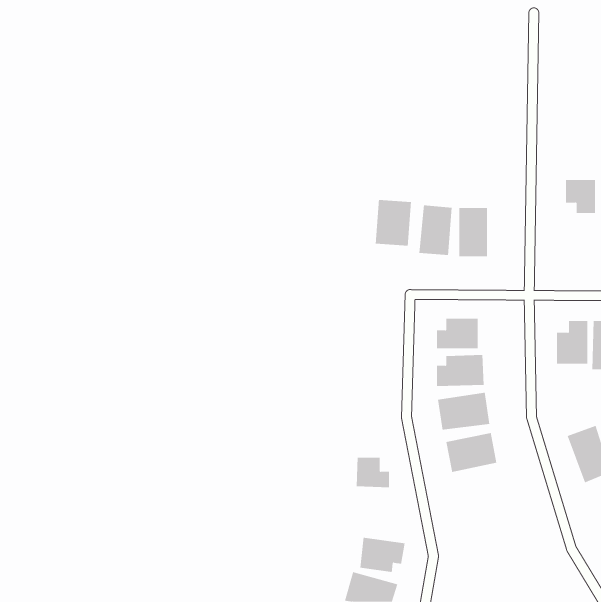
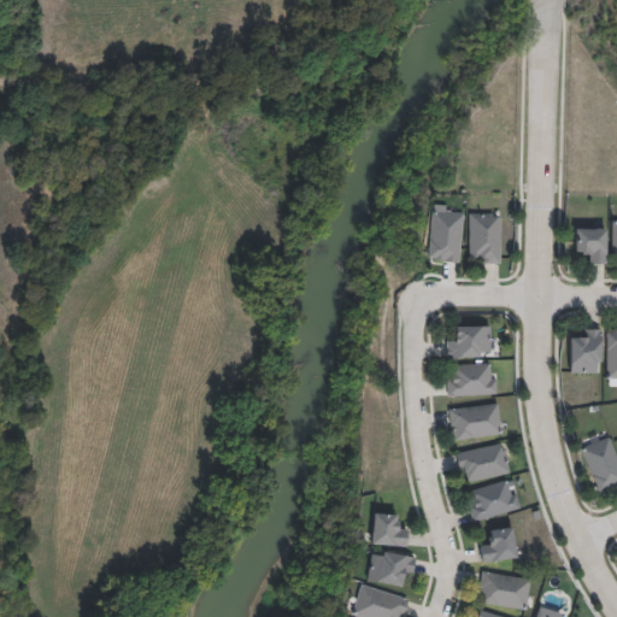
building: [565,179,596,214] -> [576,228,607,263]
building: [375,199,412,246] -> none
building: [356,457,390,488] -> [372,513,407,545]
building: none -> [465,478,521,522]
building: none -> [480,527,517,562]
building: none -> [478,571,531,609]

